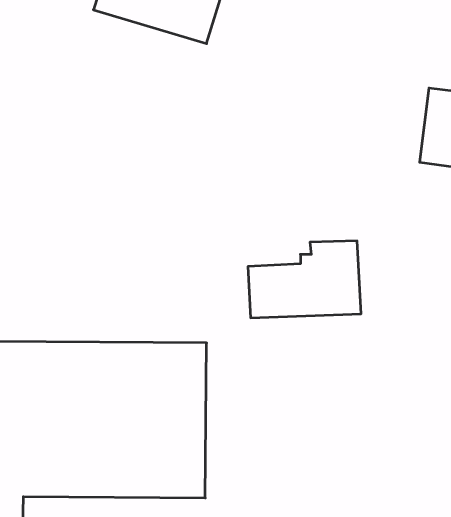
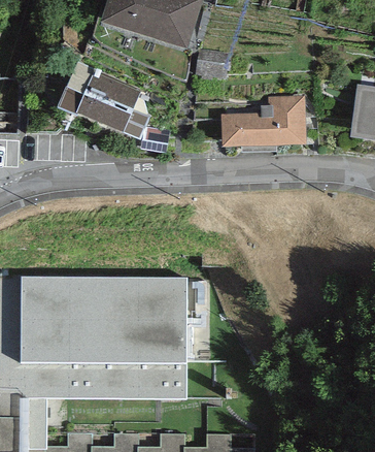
building: none -> [57,60,148,140]
building: [248,241,361,318] -> [219,94,306,153]

